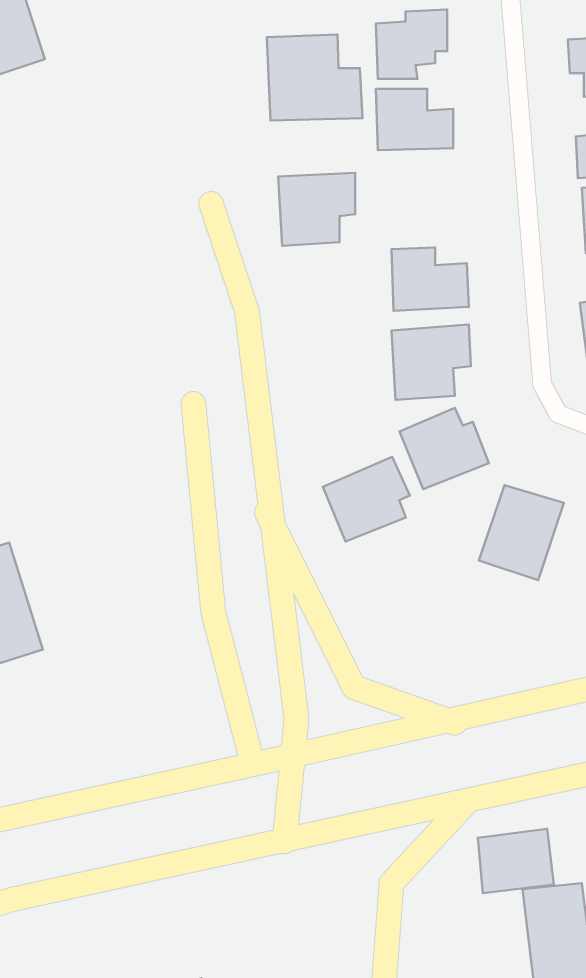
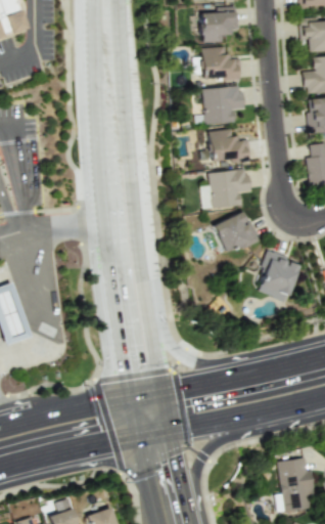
building: [267,35,363,121] -> none
building: [278,173,355,246] -> [203,86,243,124]
building: [323,457,410,542] -> none
building: [478,829,554,893] -> none

